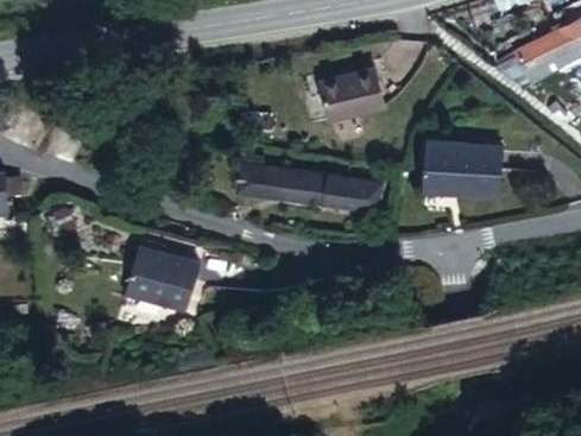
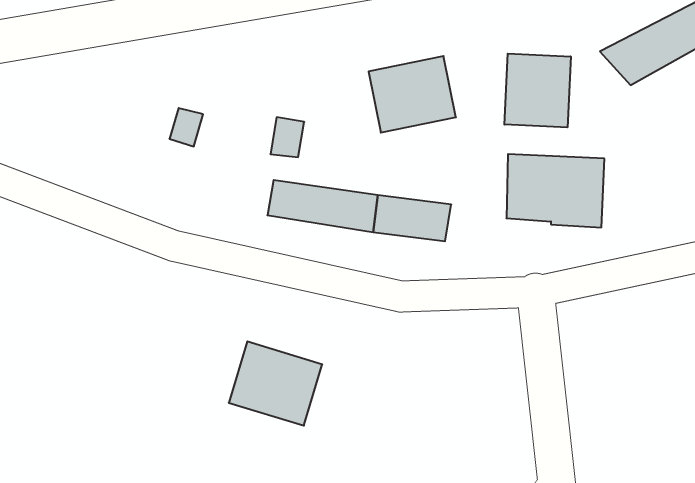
building: none -> [504,54,571,127]
building: [126,244,198,309] -> [229,341,322,426]

